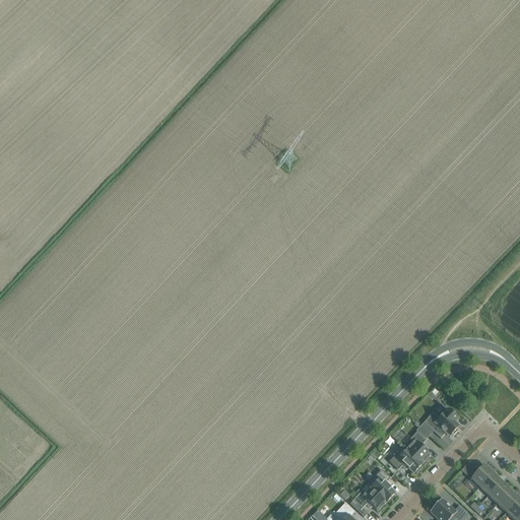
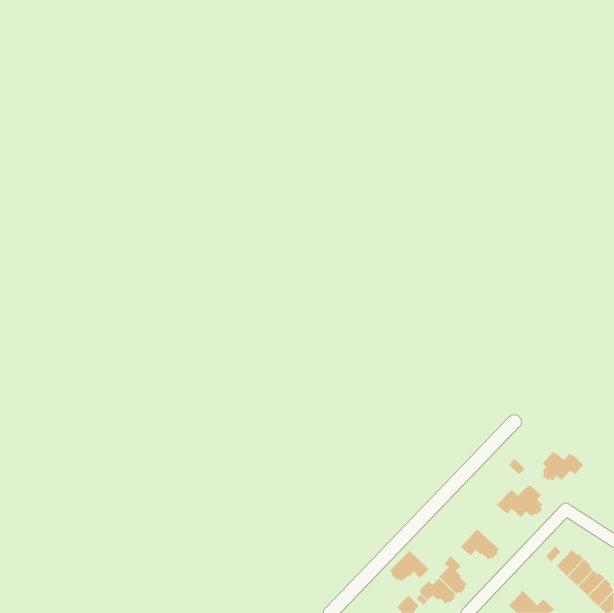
building: none -> [541,451,584,481]
building: [403,432,430,464] -> none
building: none -> [389,550,429,582]

